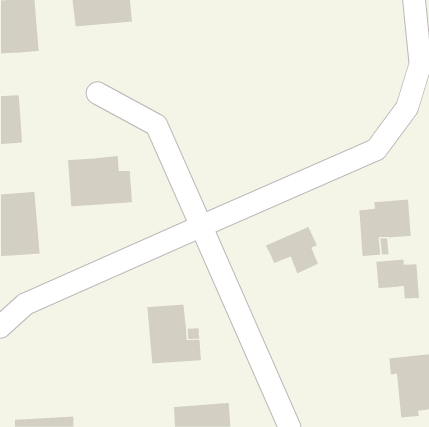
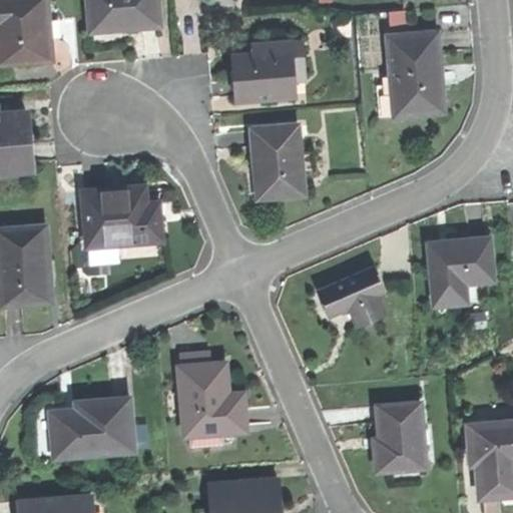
building: none -> [387,32,443,117]
building: none -> [232,42,303,99]
building: none -> [249,125,303,198]
building: [376,259,419,299] -> none
building: none -> [49,397,132,457]
building: none -> [374,402,424,472]

